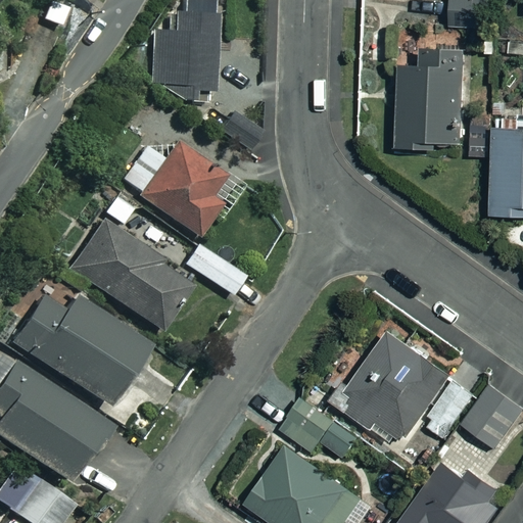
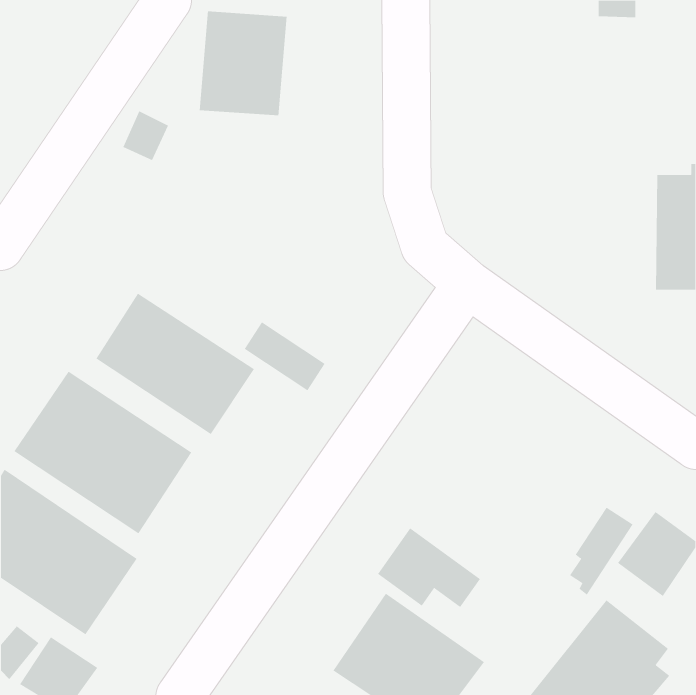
building: [397,52,460,152] -> none
building: [120,137,247,234] -> none
building: [337,329,453,446] -> none

